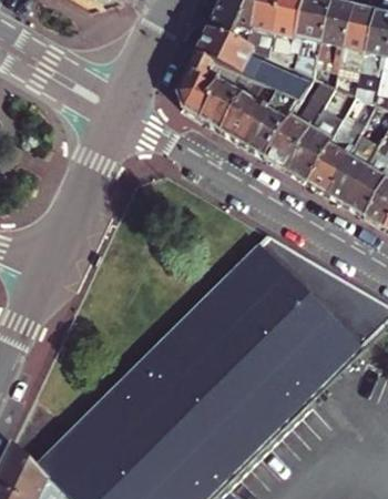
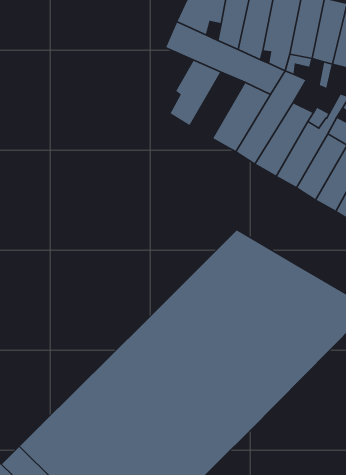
building: [178,53,224,119] -> none
building: [221,78,275,143] -> none

